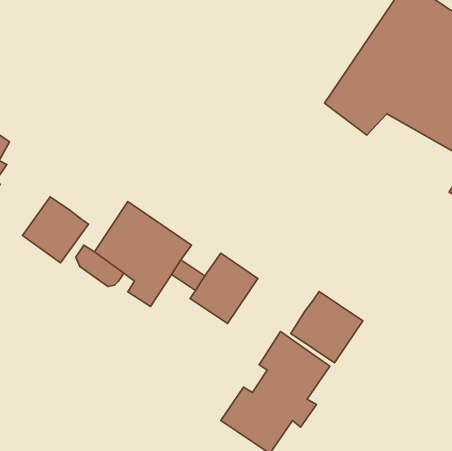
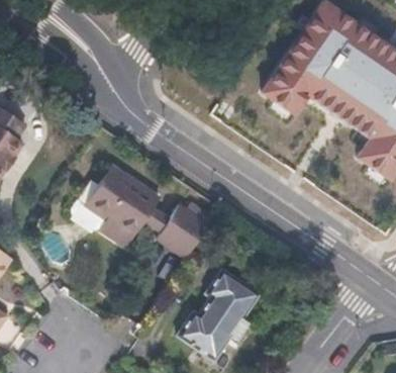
building: [22,197,88,263] -> none
building: [291,291,363,363] -> none

